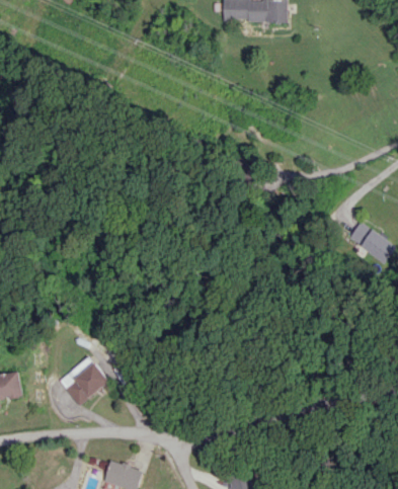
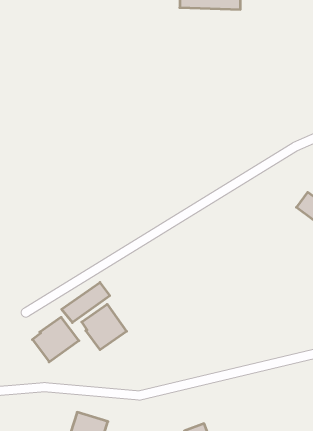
building: none -> [62,282,110,323]
building: none -> [82,304,127,350]

